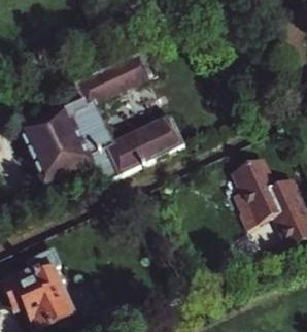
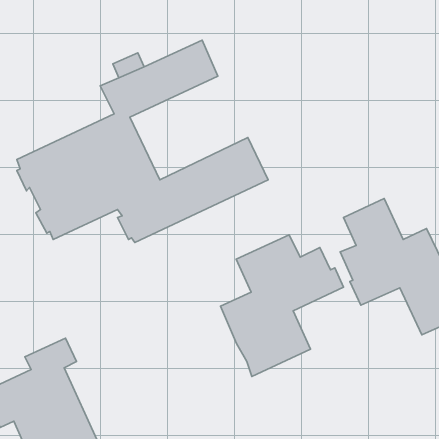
building: none -> [221,235,343,377]

